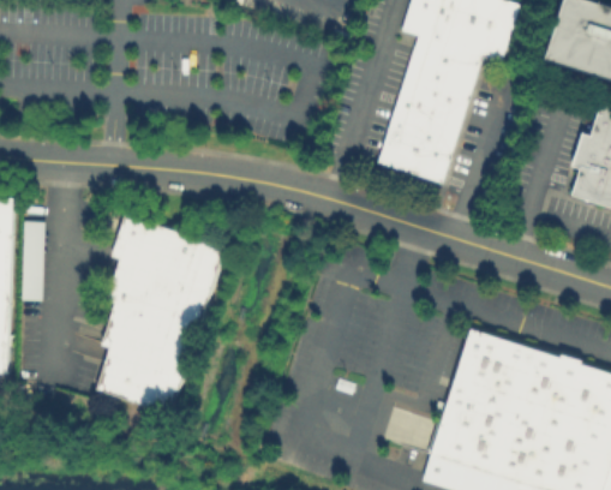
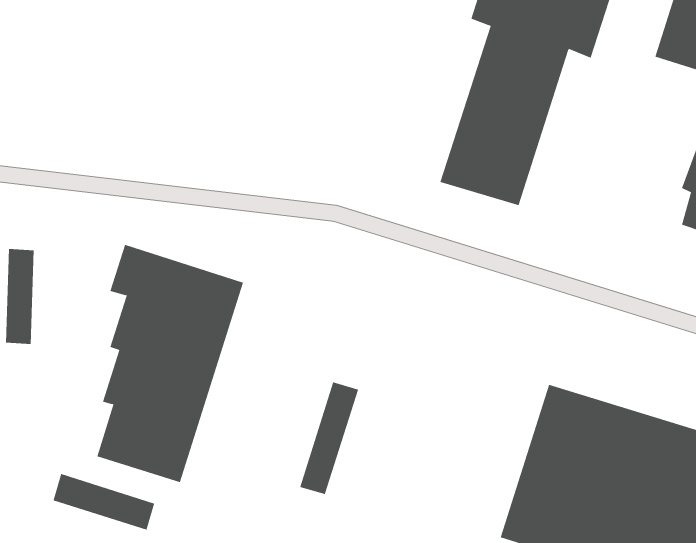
building: none -> [299,382,359,495]
building: none -> [53,473,155,531]

